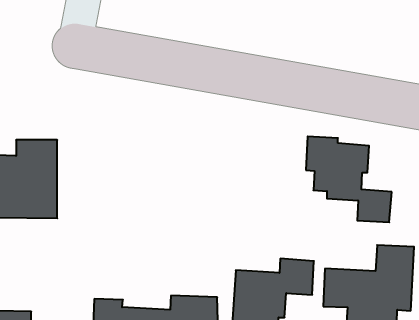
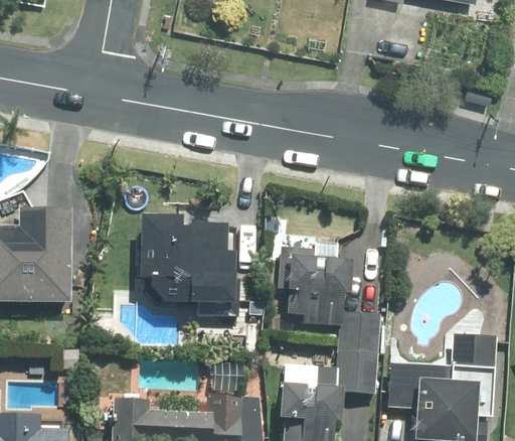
building: [306,136,392,222] -> [278,248,380,350]
building: none -> [140,212,241,316]

